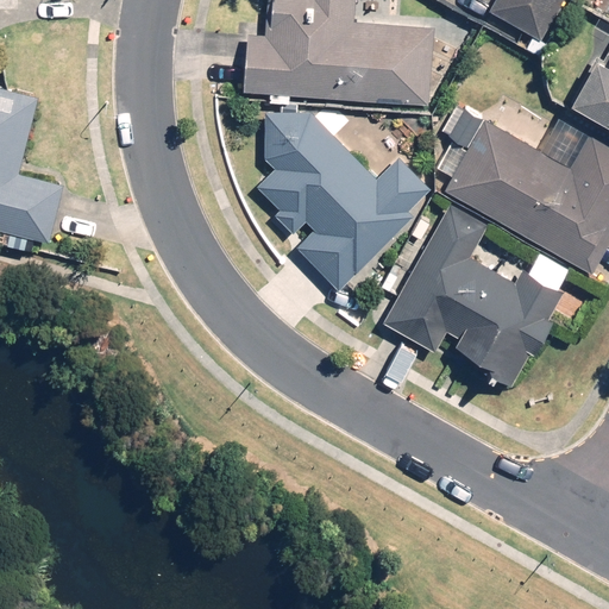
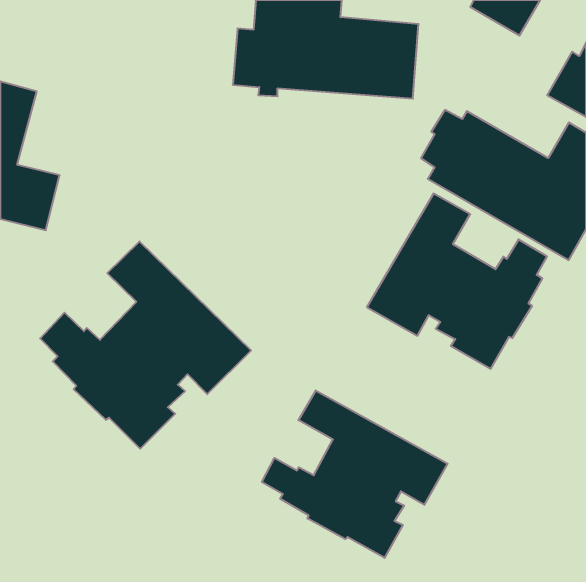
building: [256,113,431,290] -> none
building: none -> [40,241,251,449]
building: none -> [262,390,448,558]

